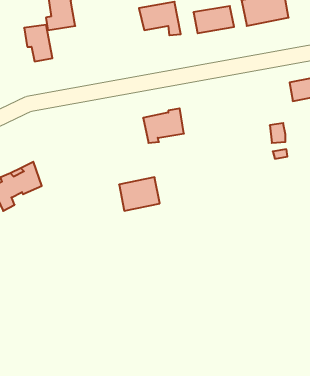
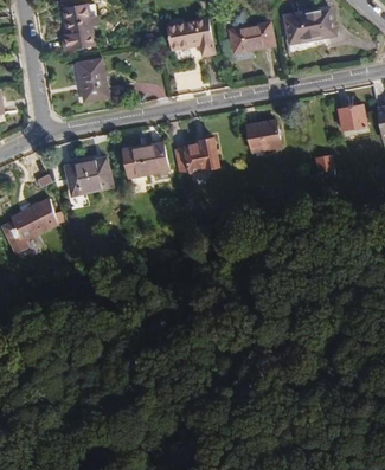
building: [24,25,52,61] -> [77,59,109,101]
building: none -> [245,118,280,152]
building: none -> [64,156,111,197]
building: [119,177,160,211] -> [122,141,168,179]

